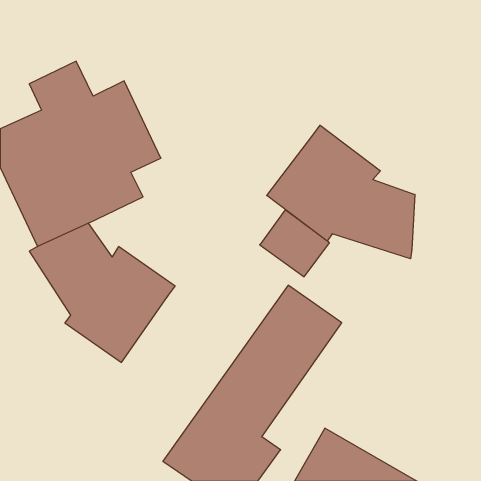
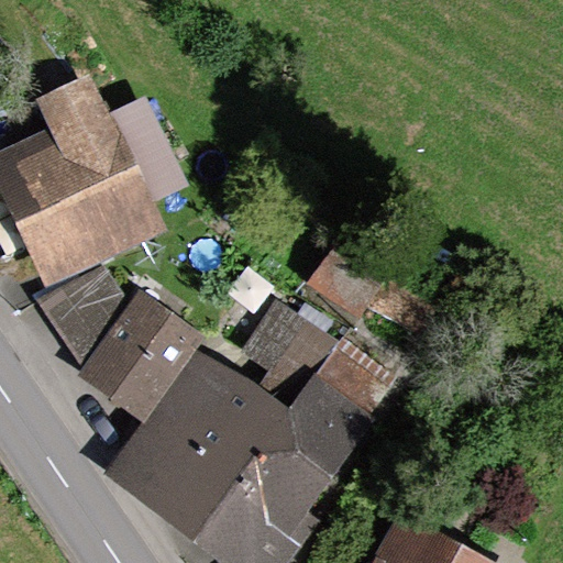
building: [267,125,415,259] -> none
building: none -> [103,292,336,539]

